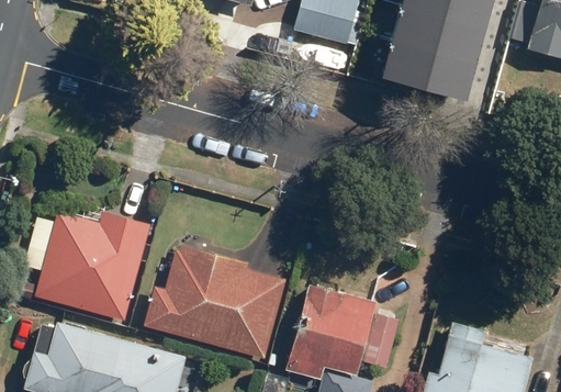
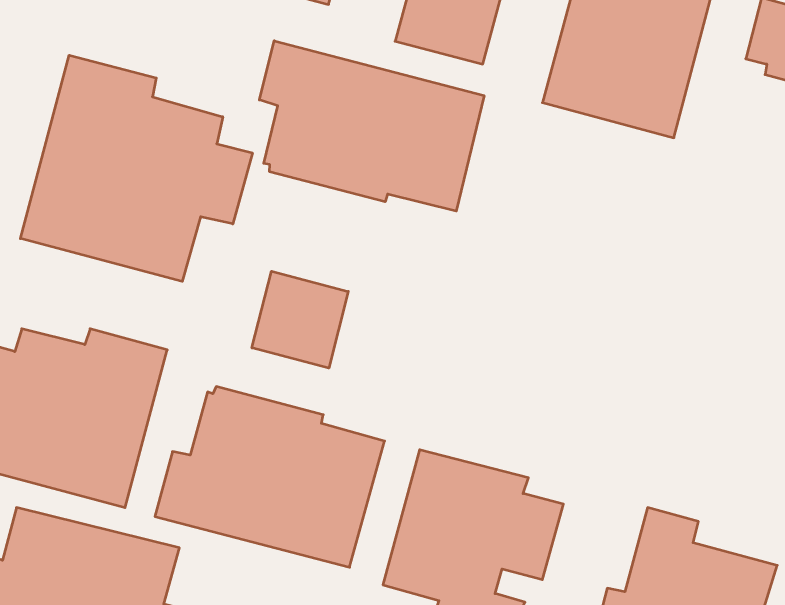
building: none -> [259,41,484,211]
building: none -> [20,55,252,281]
building: none -> [252,271,348,368]

